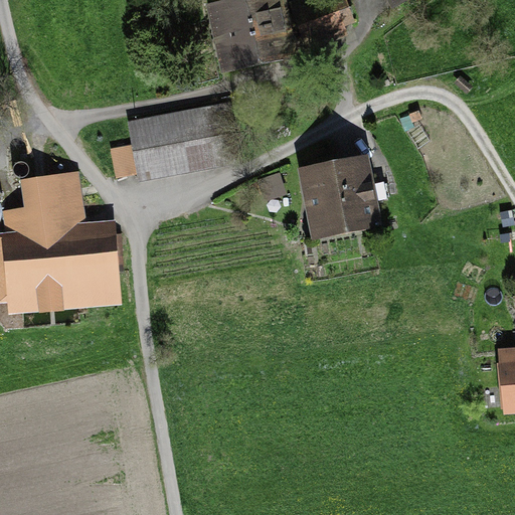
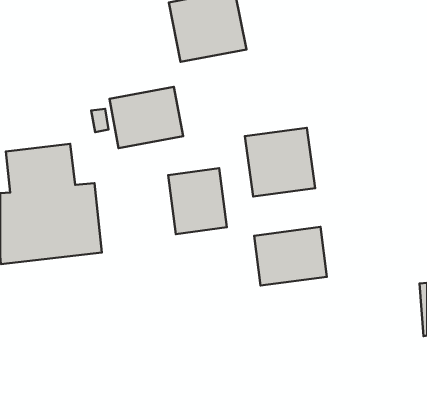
building: none -> [168,168,227,234]
building: none -> [254,227,327,286]

